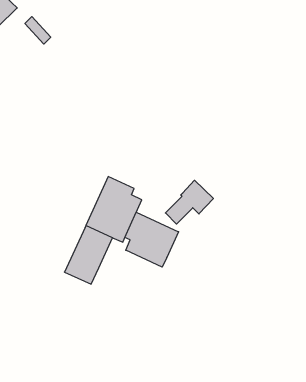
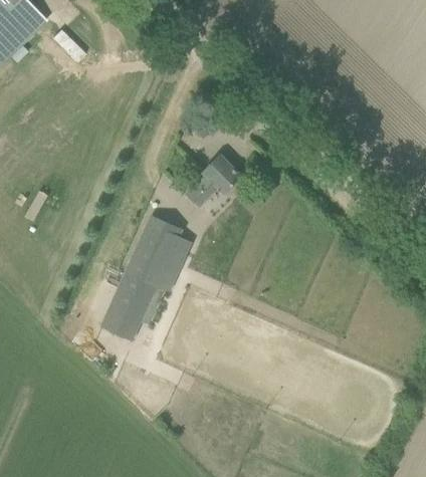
building: [165,180,213,224] -> [186,156,242,207]
building: [125,212,179,267] -> none

